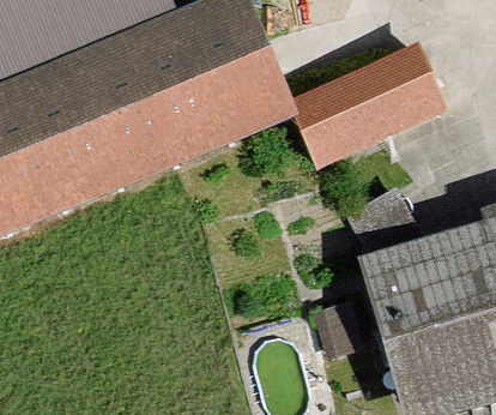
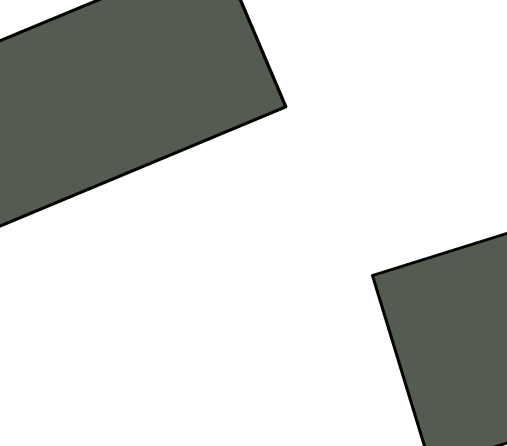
building: [291,36,446,161] -> none

